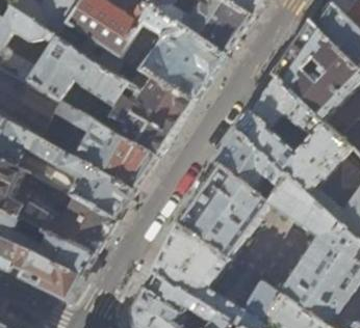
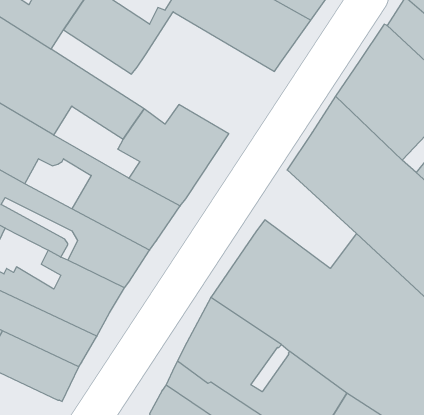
building: [122,11,229,103] -> none
building: [216,130,290,203] -> none

